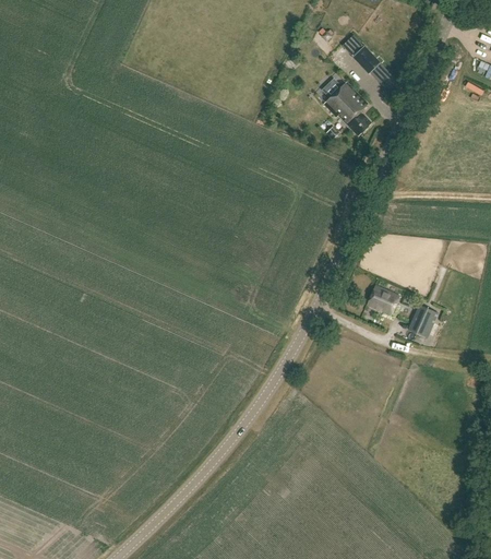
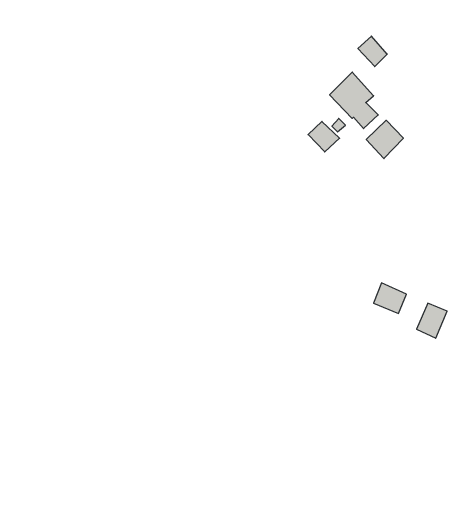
building: none -> [366,120,403,159]
building: none -> [308,121,340,152]

